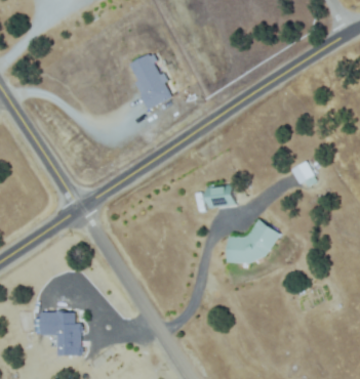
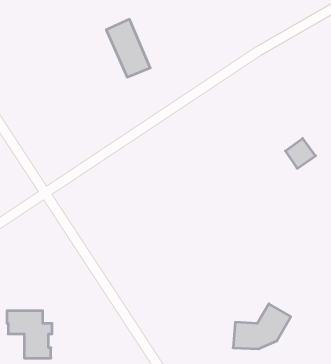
building: [207,184,234,206] -> none
building: [227,220,278,260] -> [233,304,291,349]

